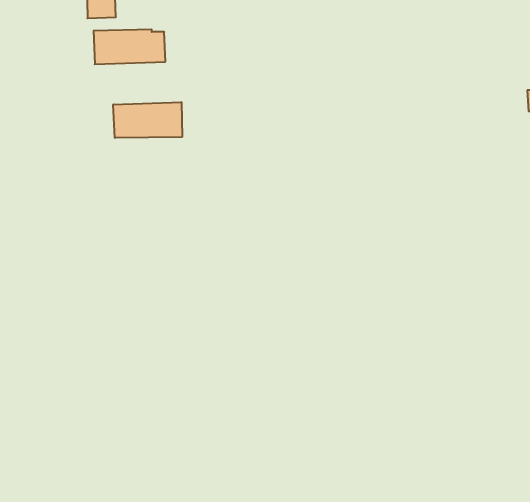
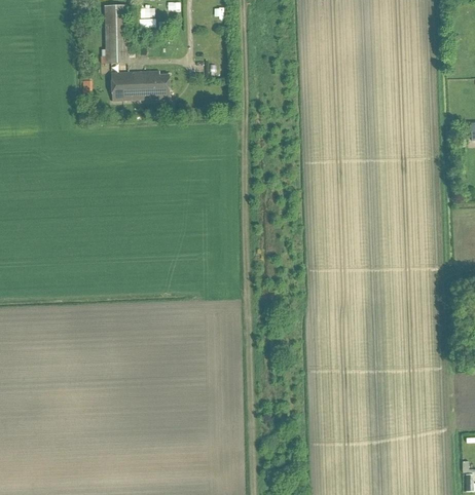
building: [113,102,182,138] -> none

